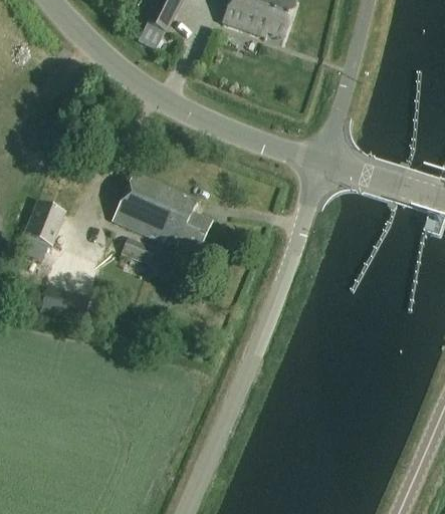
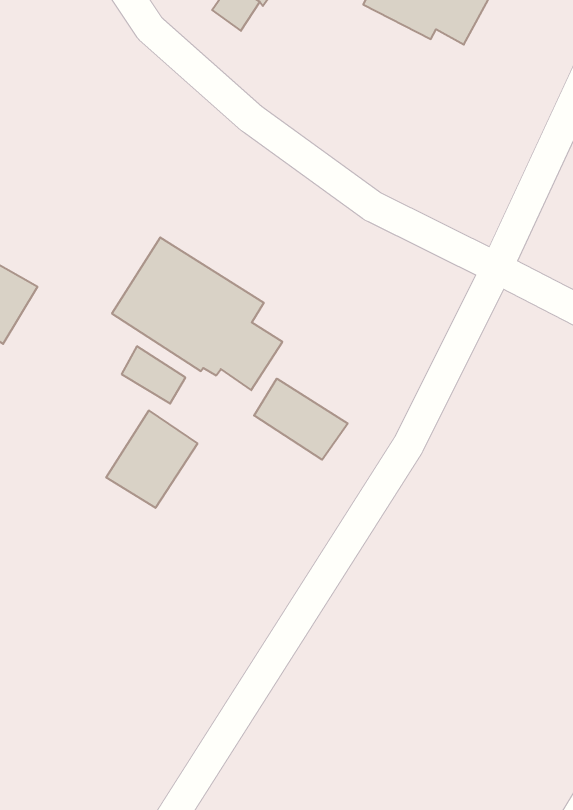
building: none -> [254,379,348,460]
building: none -> [106,410,197,508]

